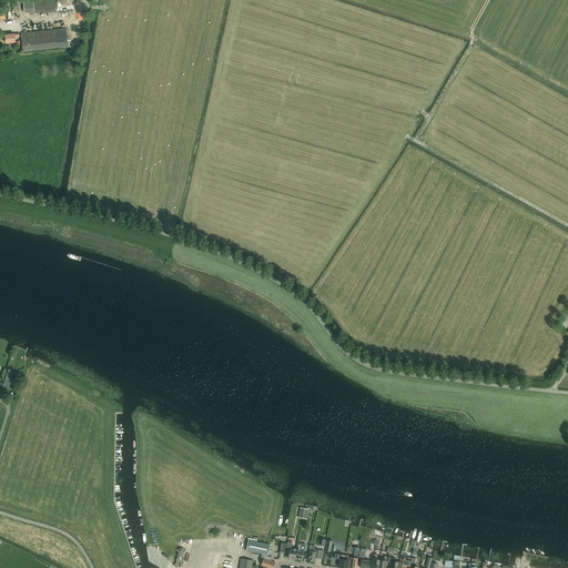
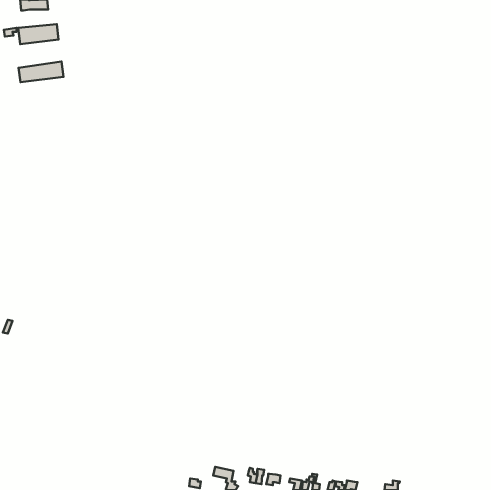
building: none -> [19,62,64,82]

